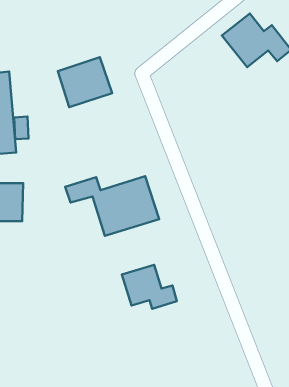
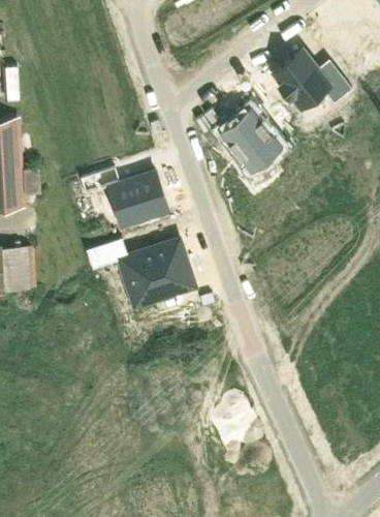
building: [58,57,112,107] -> [105,169,169,227]
building: none -> [219,111,281,174]
building: [122,265,177,309] -> none

